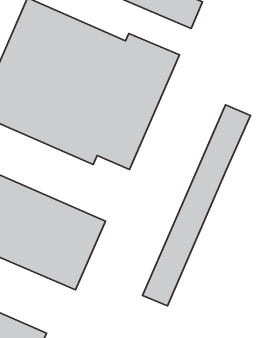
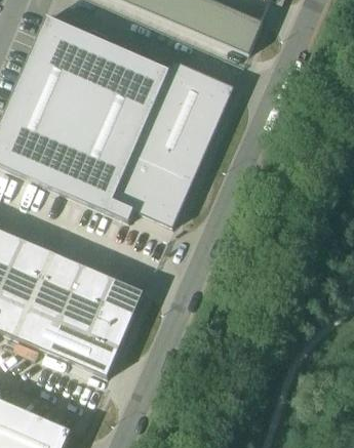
building: [143,105,250,306] -> none

